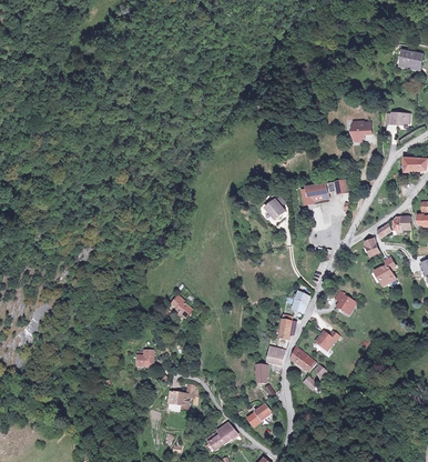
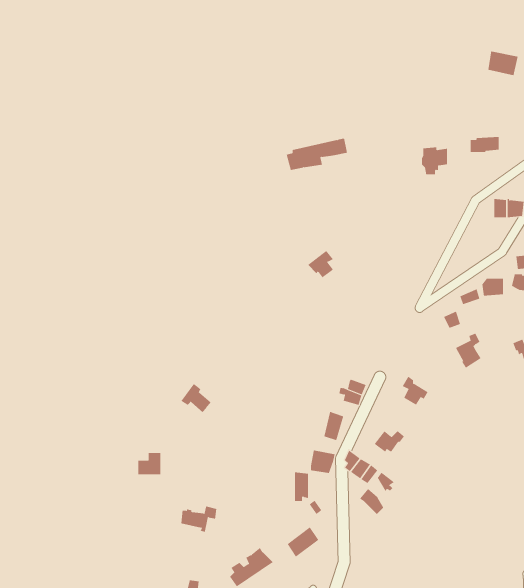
building: [300,179,347,203] -> [286,138,348,171]

